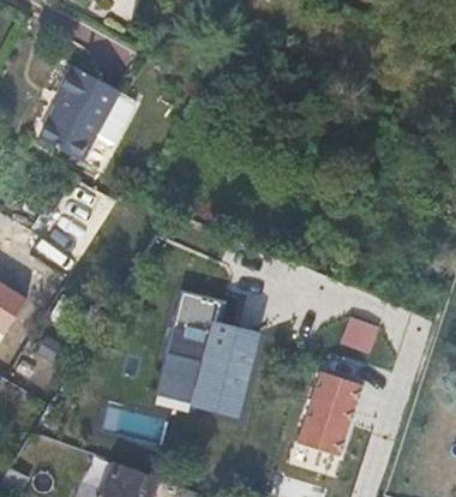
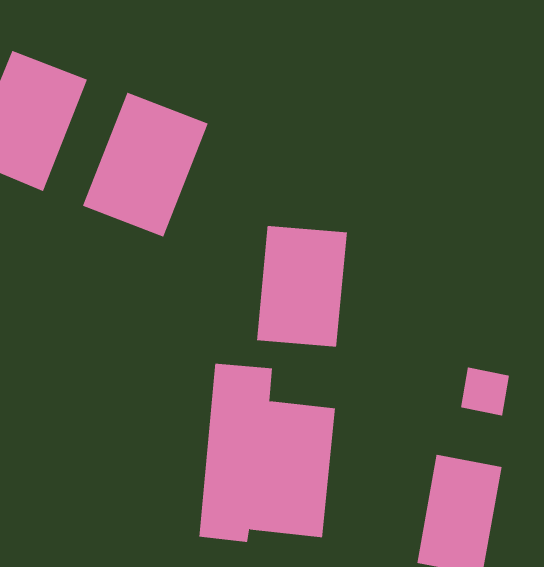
building: none -> [82,92,208,237]
building: none -> [256,225,347,347]

